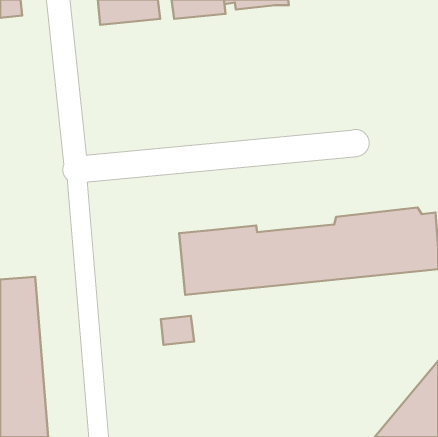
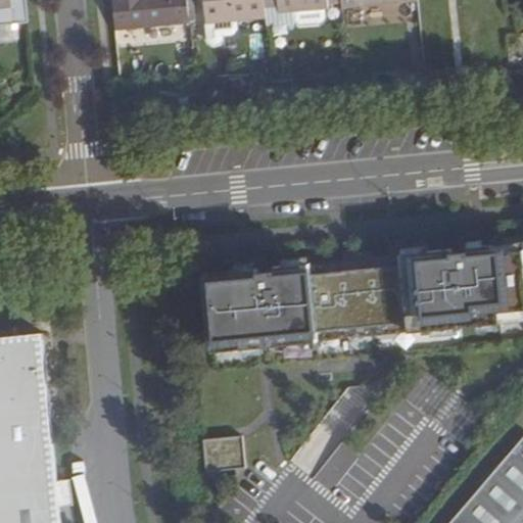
building: [161,316,194,345] -> [204,434,244,469]

